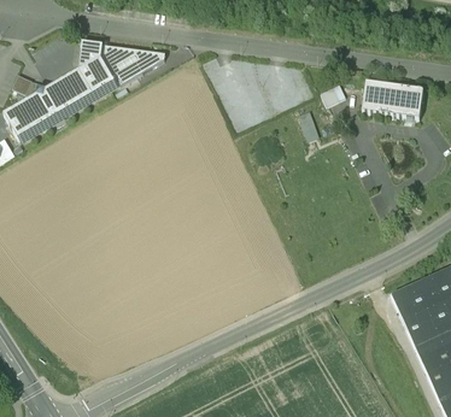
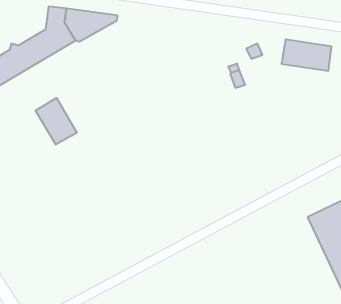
building: none -> [36,98,77,145]

